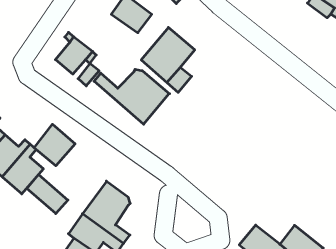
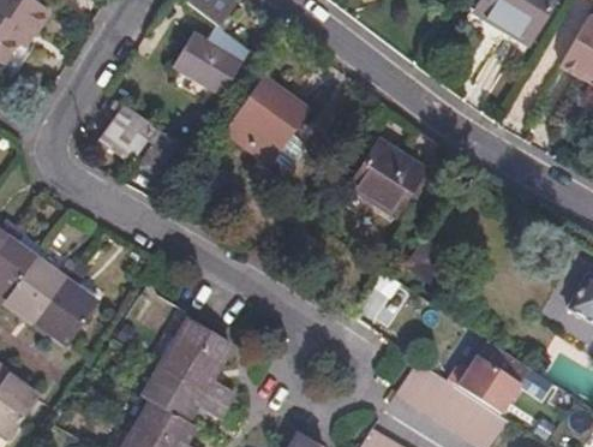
building: [94,69,170,124] -> none
building: none -> [348,138,423,213]
building: [34,124,75,166] -> none
building: [27,175,68,214] -> none

